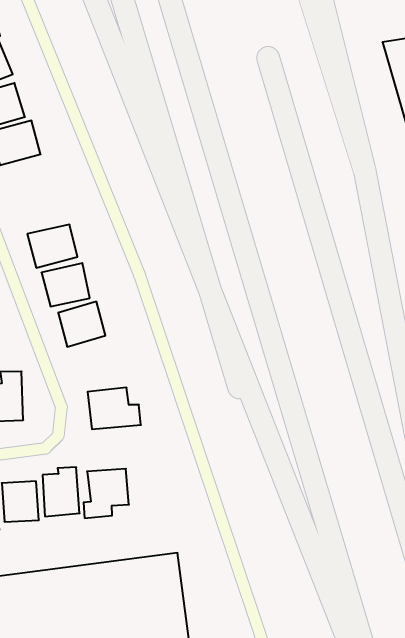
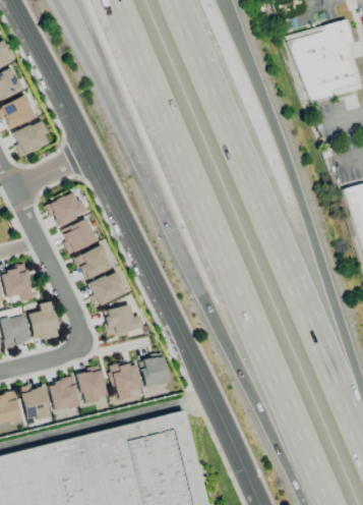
building: none -> [87,272,127,307]
building: none -> [141,355,170,387]

